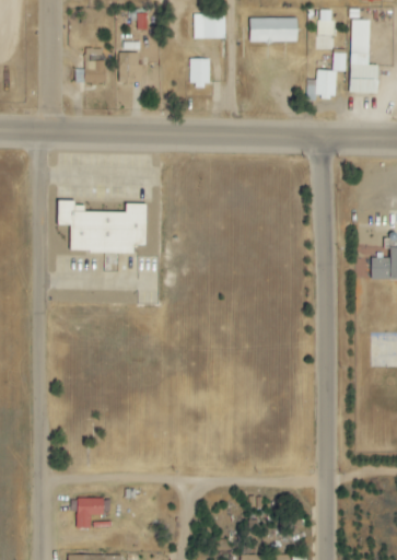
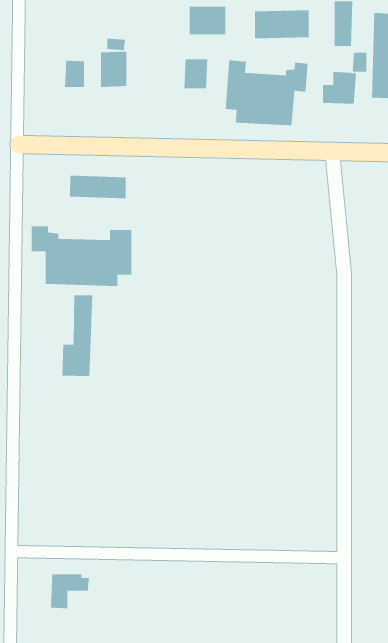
building: none -> [225,59,308,126]
building: none -> [69,175,127,199]
building: none -> [62,295,93,377]

